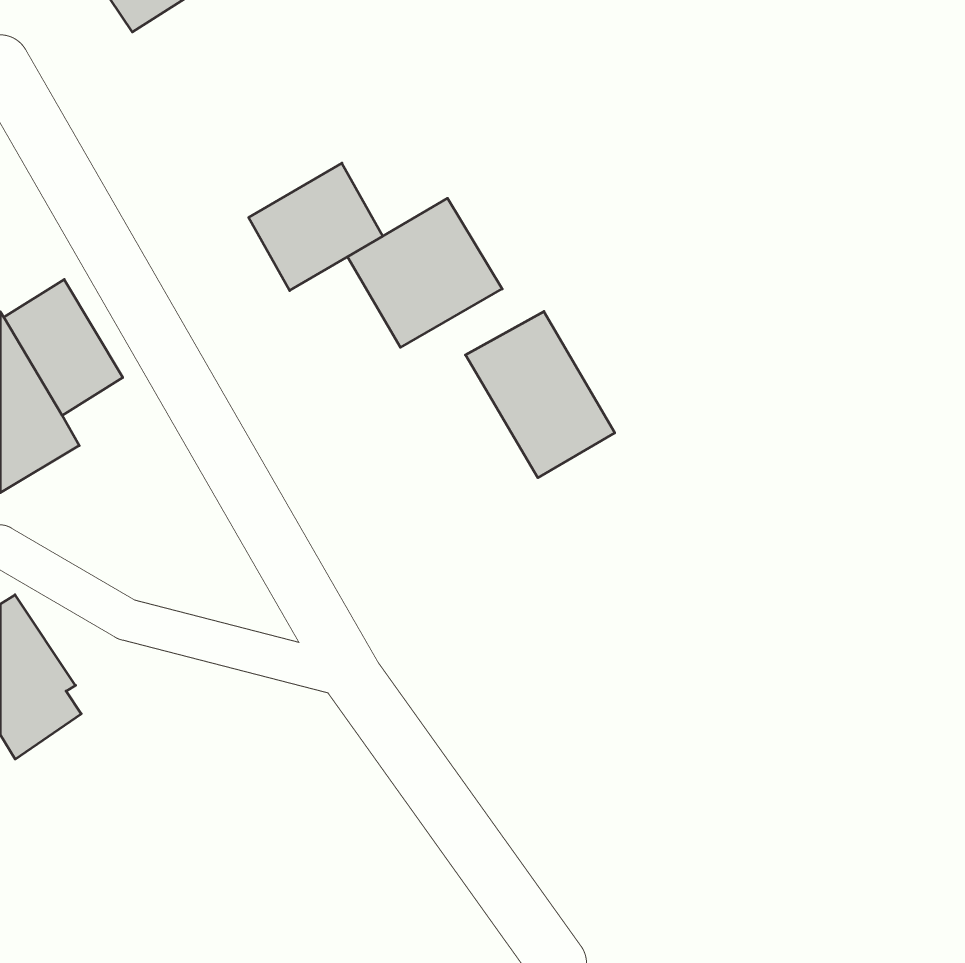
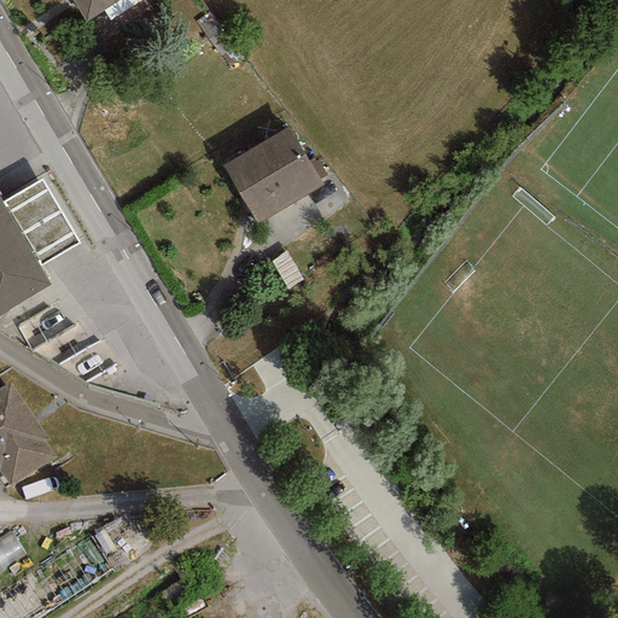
building: [249,163,383,291] -> none
building: [465,311,615,478] -> none

